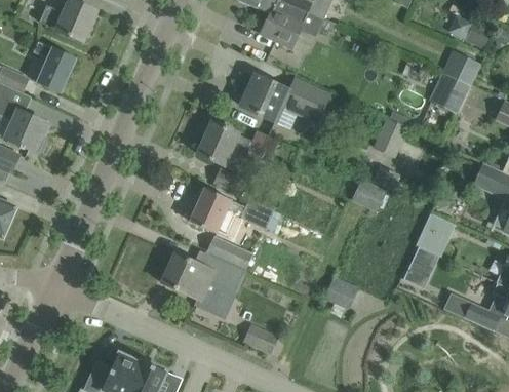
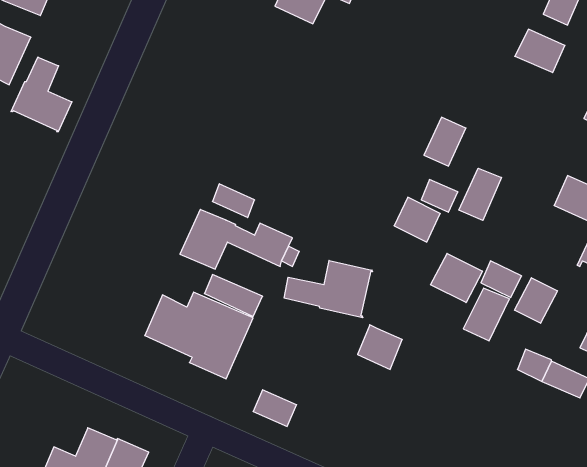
building: [430,72,471,113] -> none
building: none -> [11,57,72,132]
building: [241,75,330,122] -> none
building: [197,121,278,165] -> none
building: none -> [459,168,501,220]
building: none -> [431,253,482,303]
building: none -> [284,260,372,318]
building: none -> [515,278,557,323]

